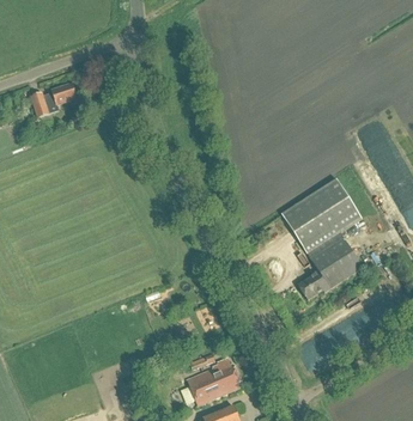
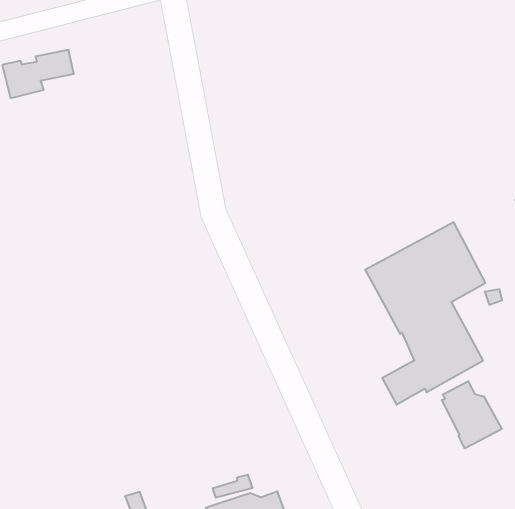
building: none -> [442,381,502,448]

